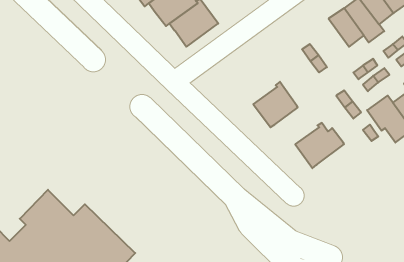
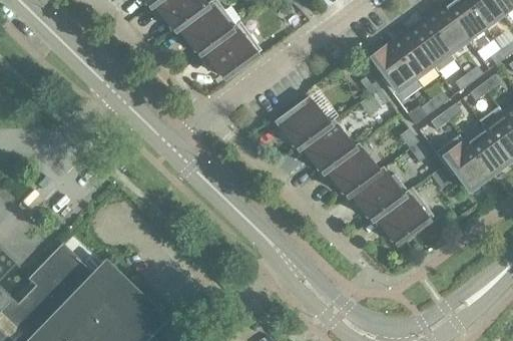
building: none -> [373,46,415,95]
building: none -> [277,97,331,150]
building: none -> [328,144,380,198]
building: none -> [377,189,434,245]

